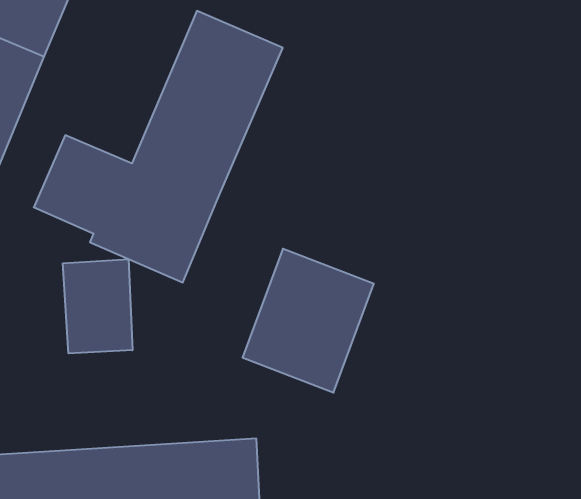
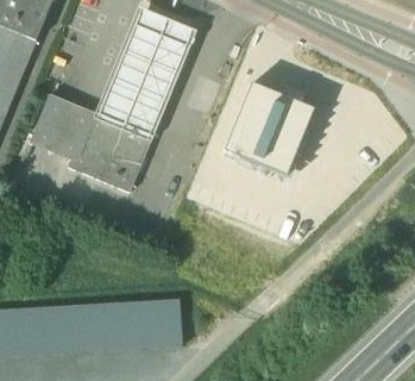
building: [242,249,374,393] -> [225,77,314,175]
building: [63,259,132,353] -> none

